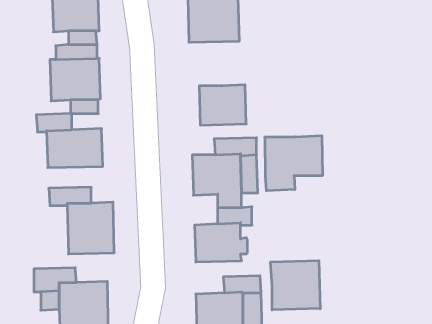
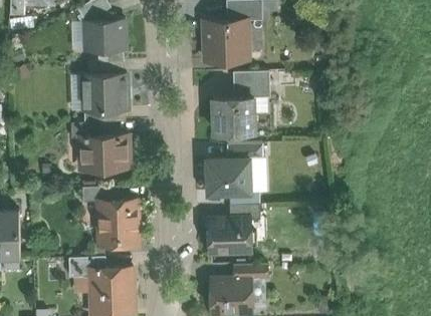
building: none -> [232,71,269,98]
building: [265,136,322,191] -> none
building: [271,261,320,310] -> none

